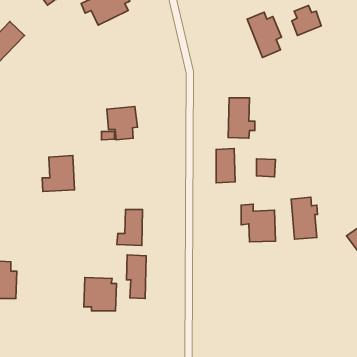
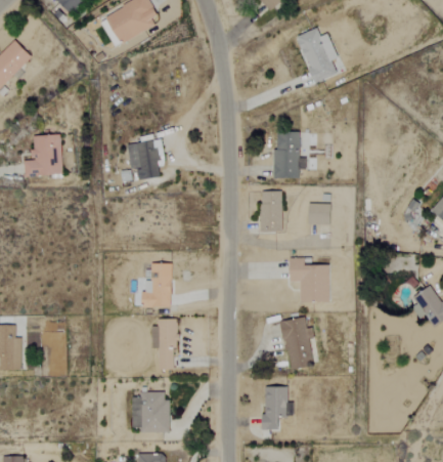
building: [292,5,321,35] -> none
building: [42,155,75,192] -> [25,133,63,176]
building: [291,197,318,239] -> [282,318,314,368]
building: [84,278,116,311] -> [132,392,171,432]
building: none -> [264,386,294,429]

